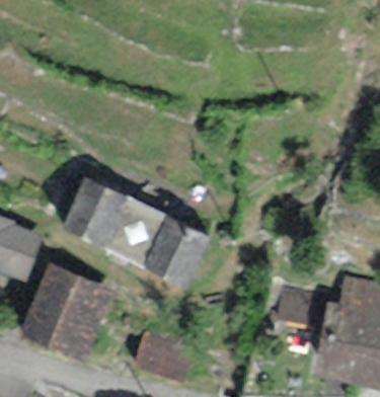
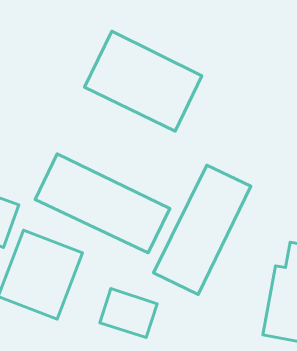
building: none -> [85,31,202,131]
building: none -> [153,165,251,295]

